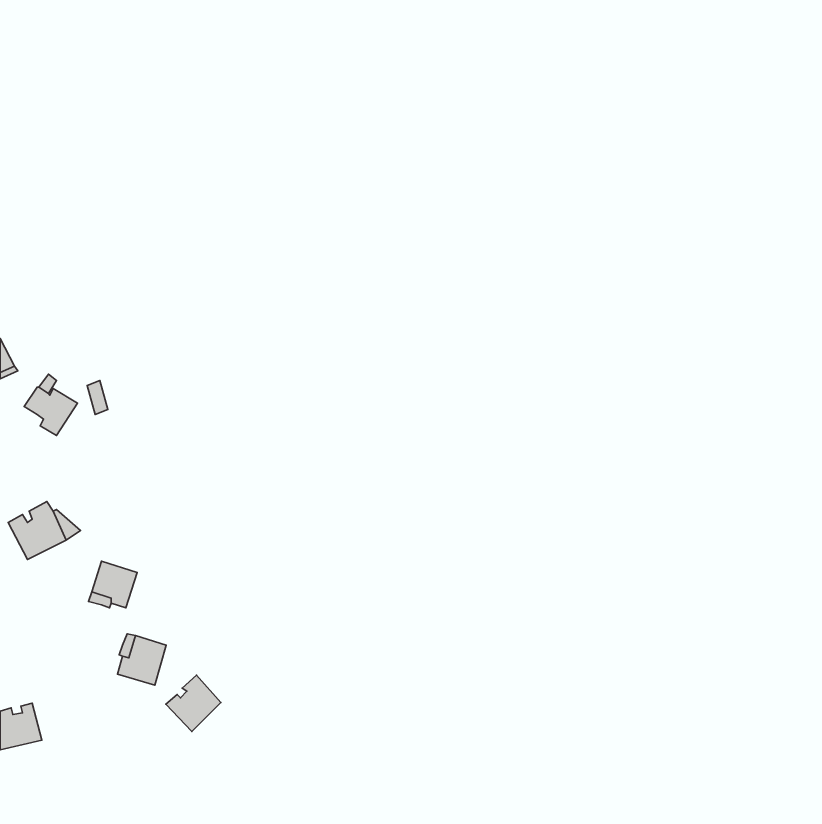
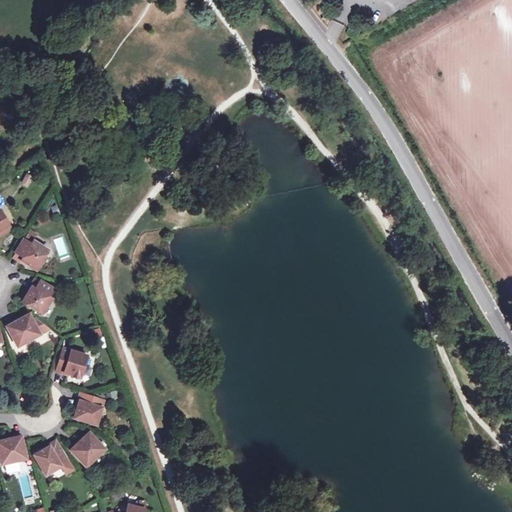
building: none -> [23,281,53,314]
building: [166,675,221,732] -> [70,432,104,467]
building: none -> [34,440,67,475]

